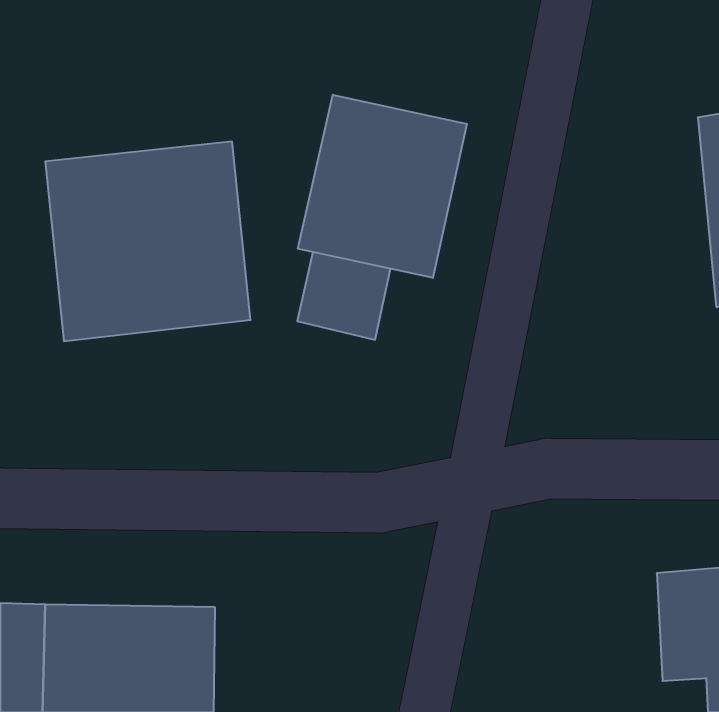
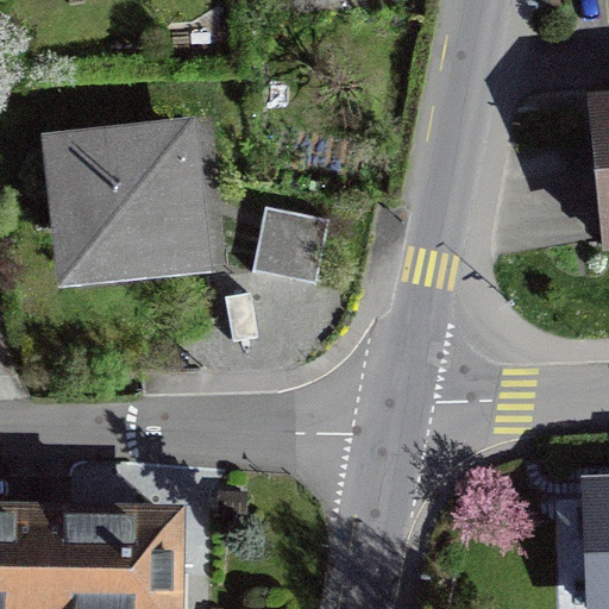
building: [298,95,467,278] -> none

